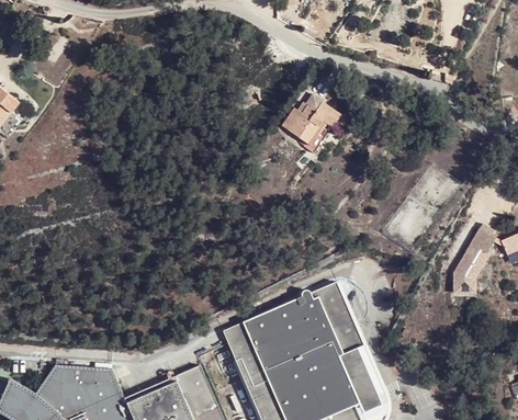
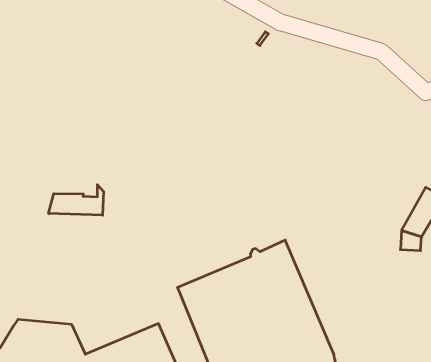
building: [281,93,339,151] -> none
building: none -> [49,185,104,215]

